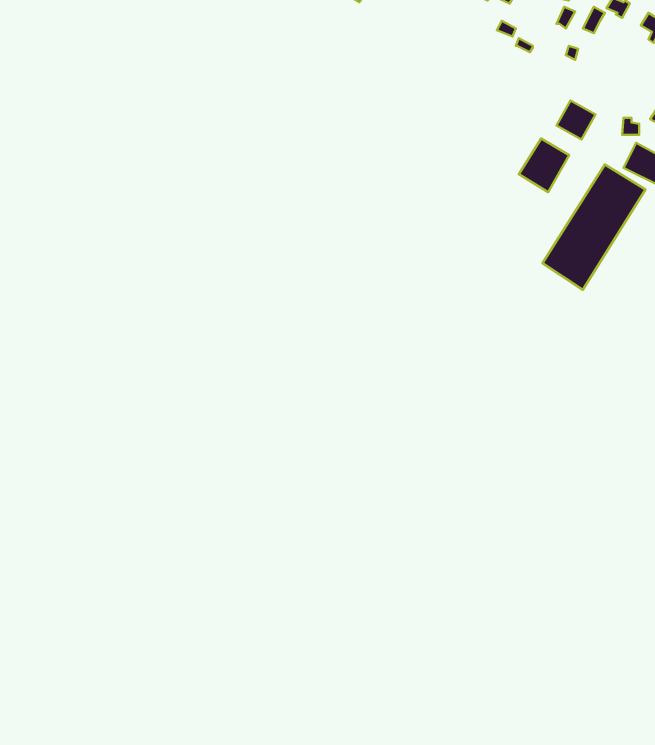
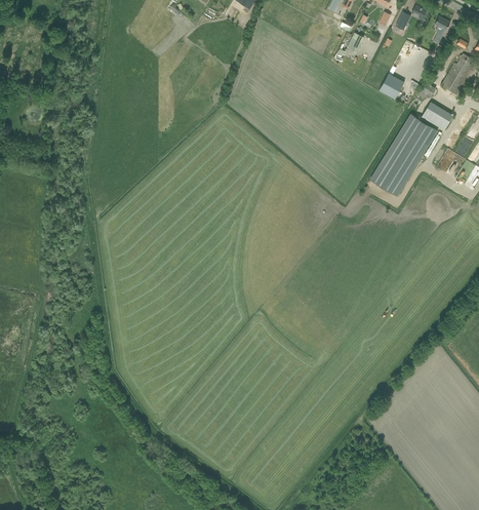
building: [519,138,569,192] -> none

